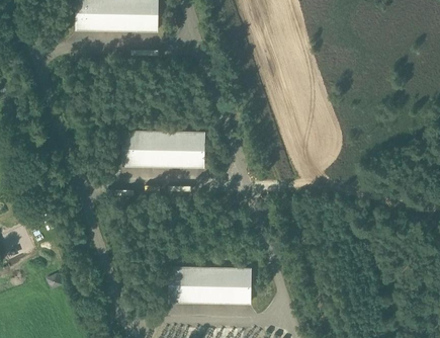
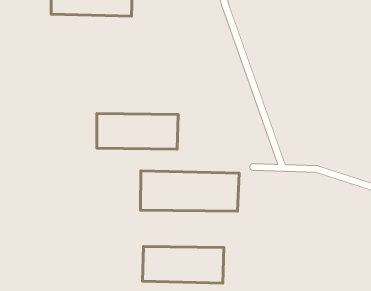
building: none -> [141,171,239,211]

